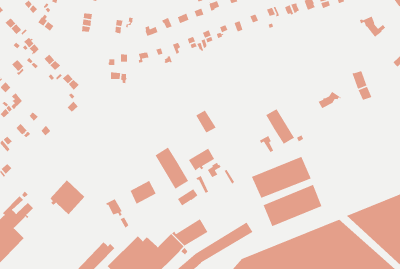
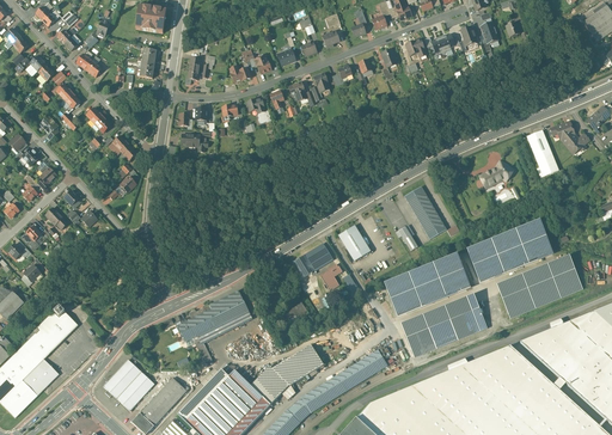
building: [359,15,386,38] -> [550,122,589,154]
building: [195,109,217,134] -> [338,226,369,261]
building: none -> [466,221,553,284]
building: [155,146,189,190] -> none
building: none -> [496,256,583,319]
building: [49,179,85,215] -> [103,359,154,410]
building: none -> [188,305,219,335]

